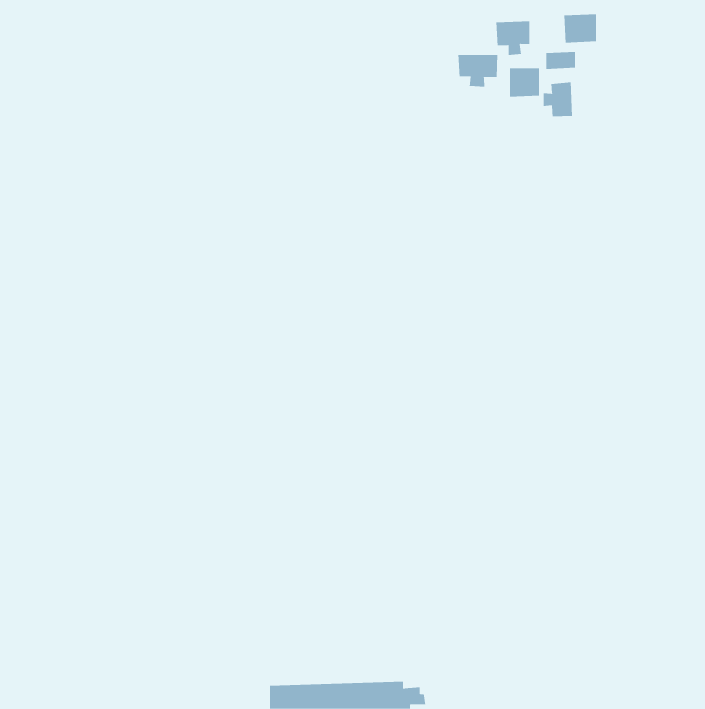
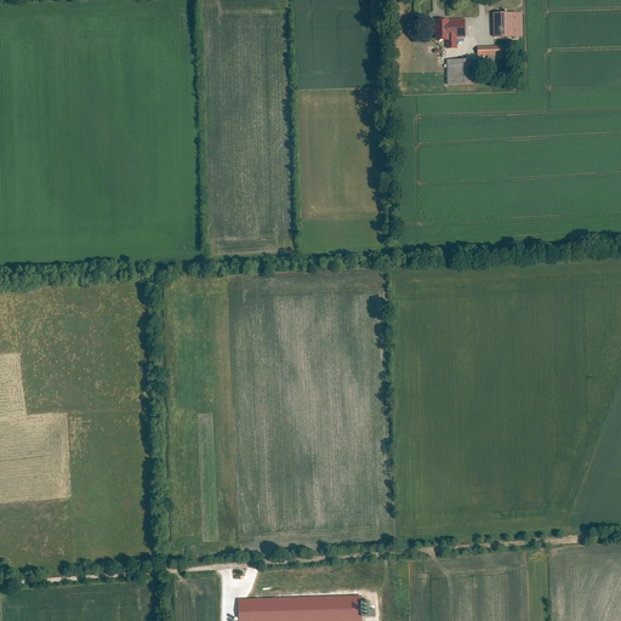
building: [458,54,498,87] -> none
building: [543,82,573,117] -> none

